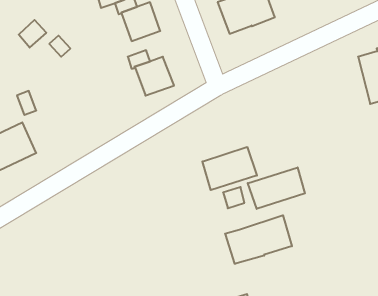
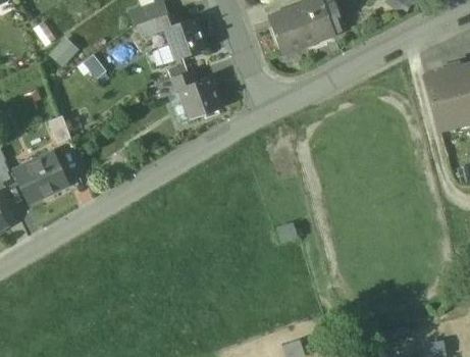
building: [202,147,257,190] -> none
building: [248,167,305,209] -> none
building: [225,215,292,264] -> none

